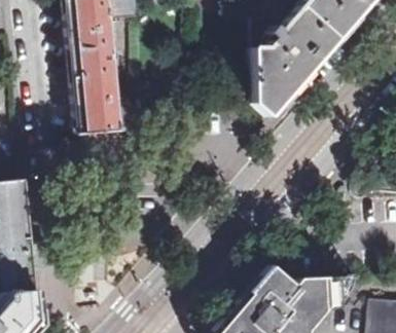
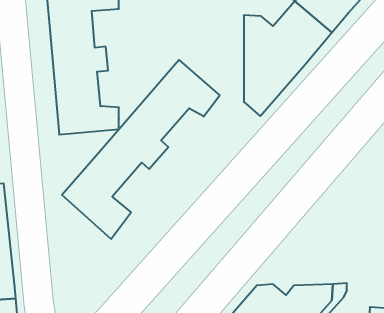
building: none -> [62,60,220,239]

